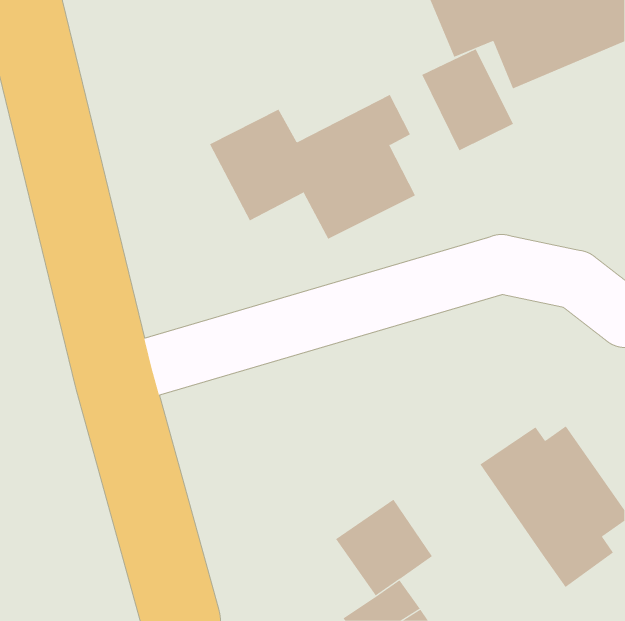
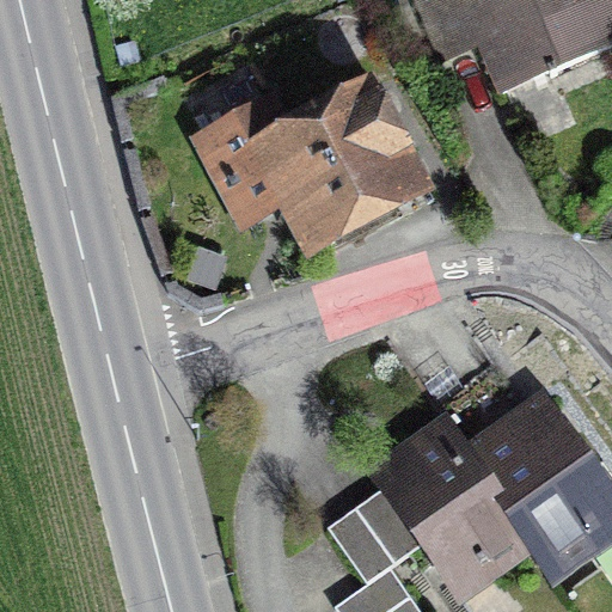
building: [422,48,514,151] -> none
building: none -> [385,424,530,580]

